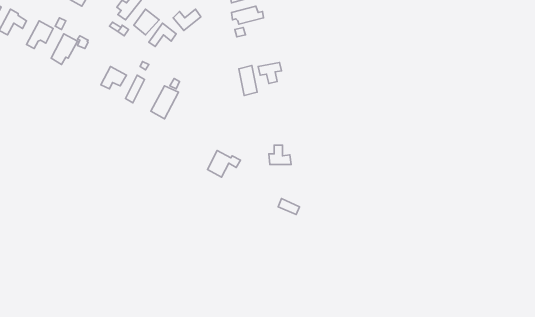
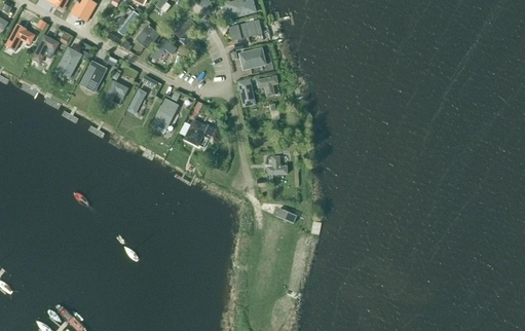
building: none -> [238,47,266,70]
building: none -> [79,61,107,93]
building: [208,150,241,177] -> [184,119,216,145]

